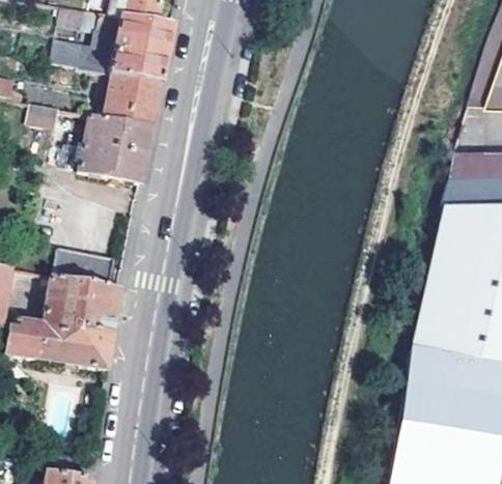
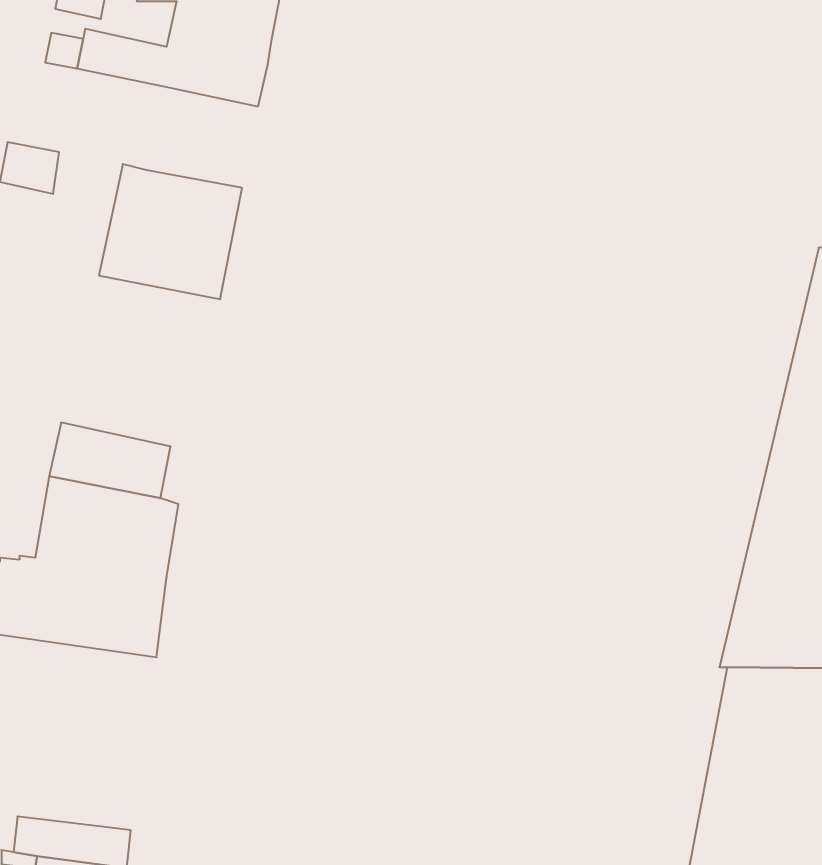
building: [105,73,163,125] -> none

